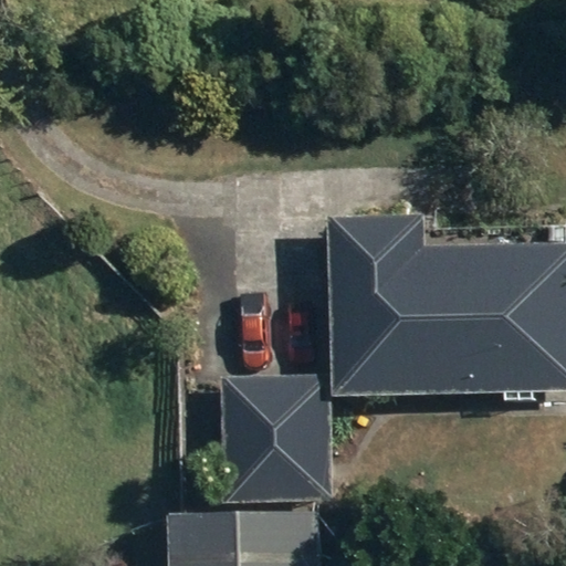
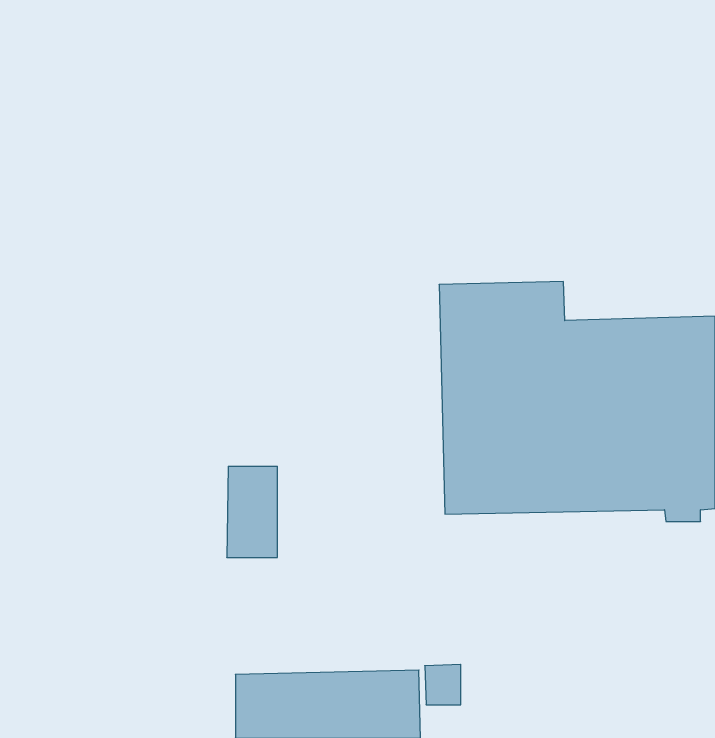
building: [226,377,332,503] -> none

